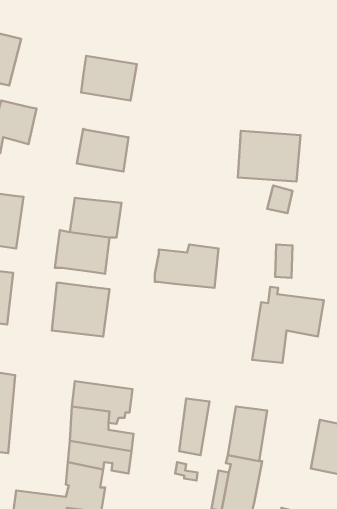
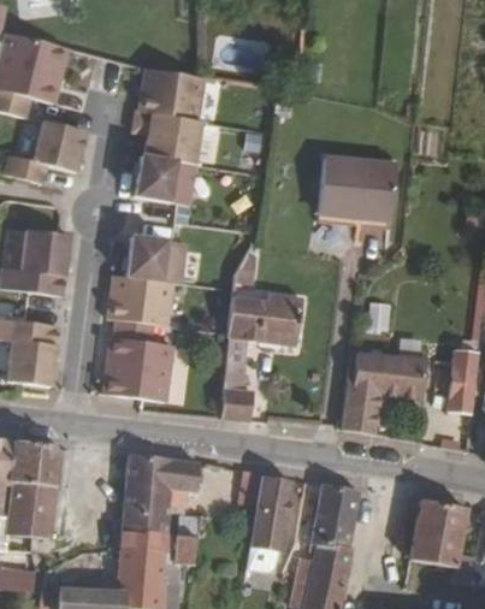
building: none -> [131,111,200,164]
building: none -> [219,336,256,421]

